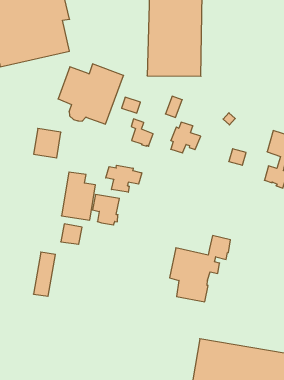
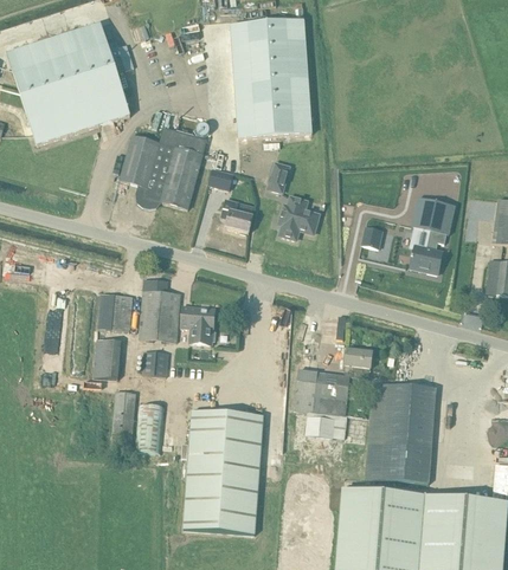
building: [34,128,61,158] -> [98,292,133,330]
building: [106,165,142,192] -> none
building: none -> [94,338,121,378]
building: none -> [135,402,165,452]
building: none -> [365,382,436,482]
building: none -> [184,409,264,533]

